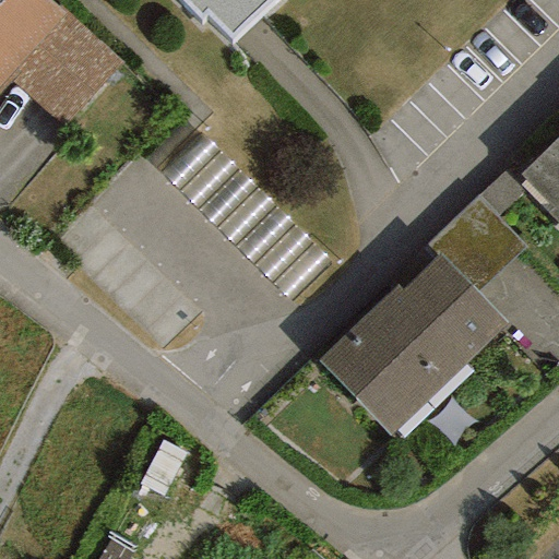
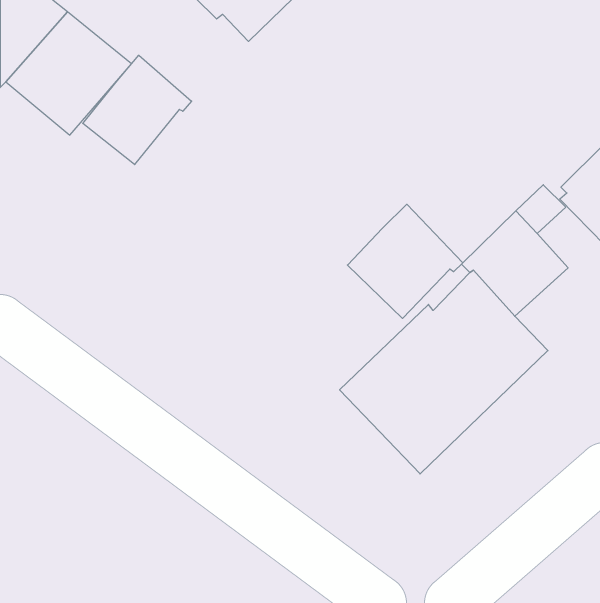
building: none -> [83,55,192,165]
building: none -> [347,204,463,318]

